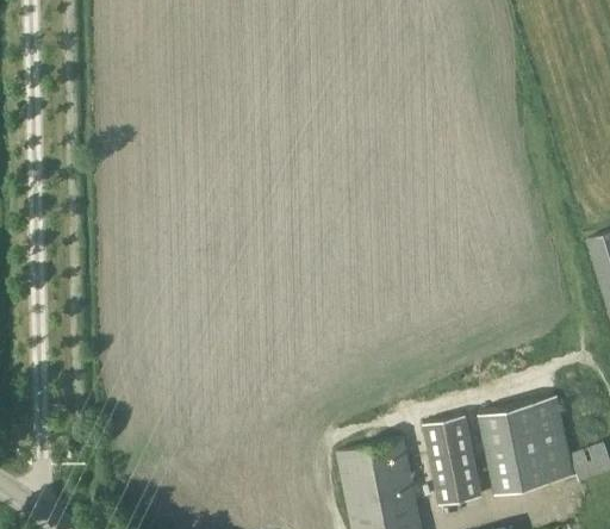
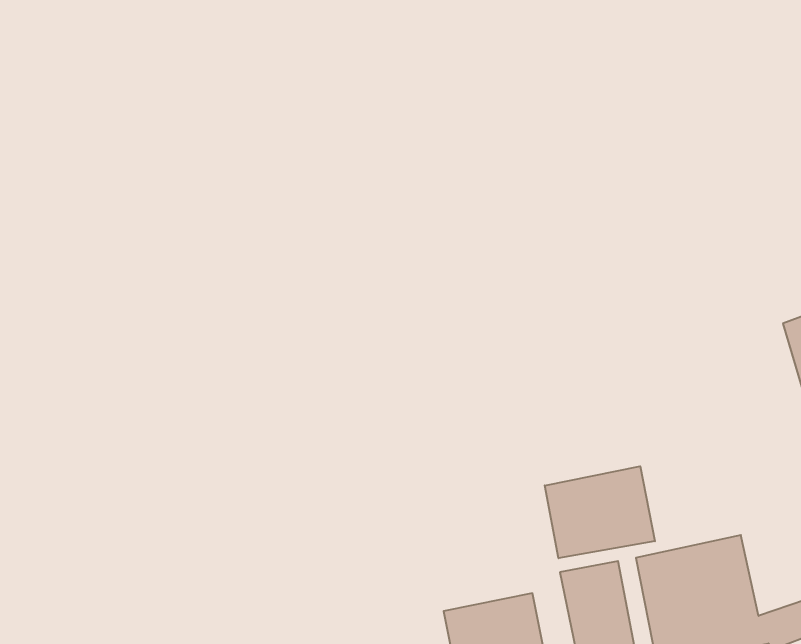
building: none -> [545,466,655,558]

